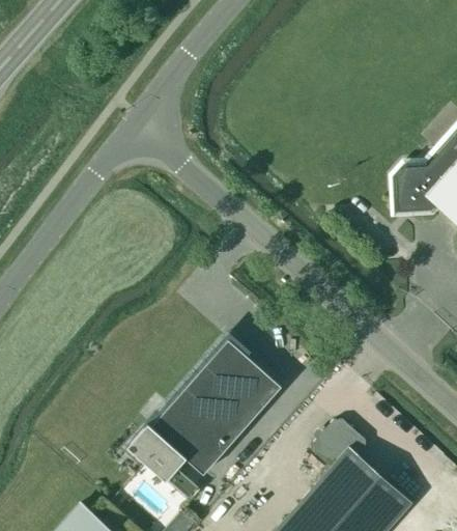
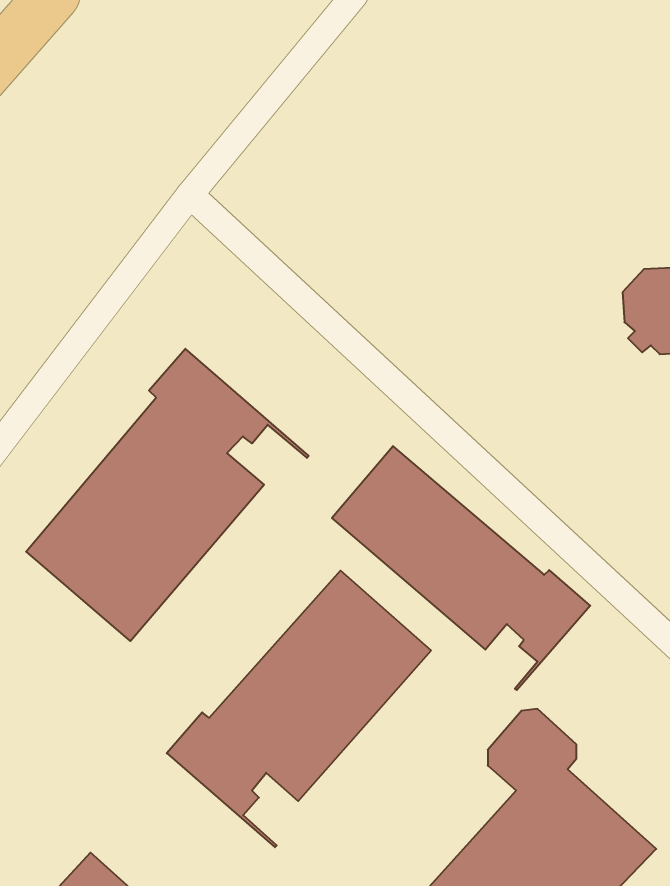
building: none -> [26,349,309,641]
building: none -> [332,446,590,690]

